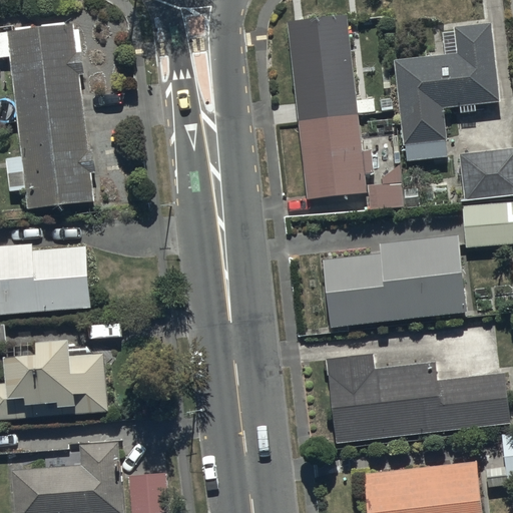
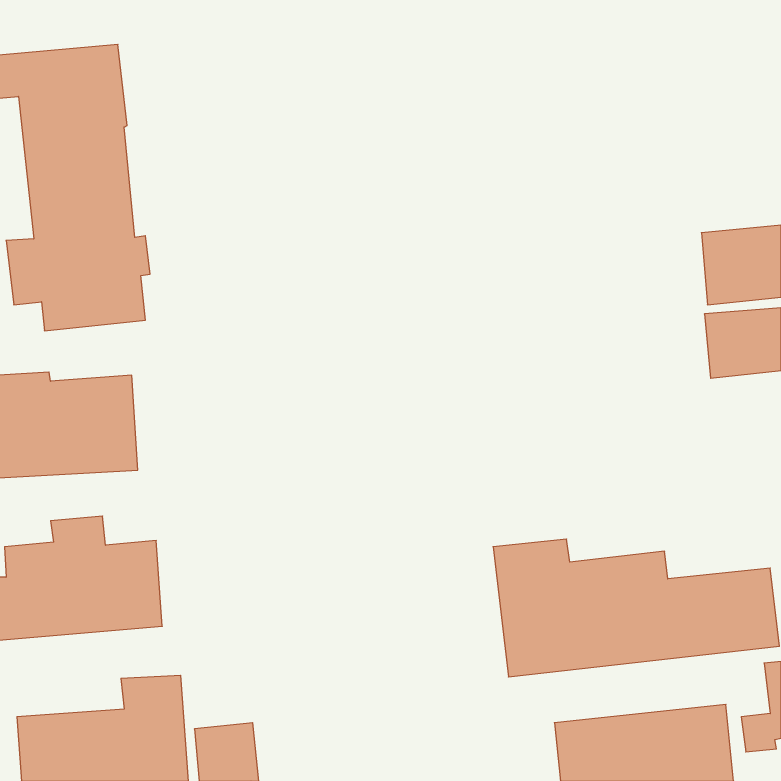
building: [286,19,376,202] -> none
building: [394,29,499,166] -> none
building: [322,234,467,328] -> none

